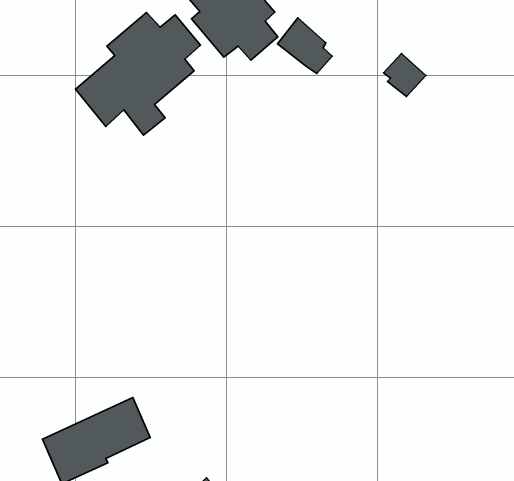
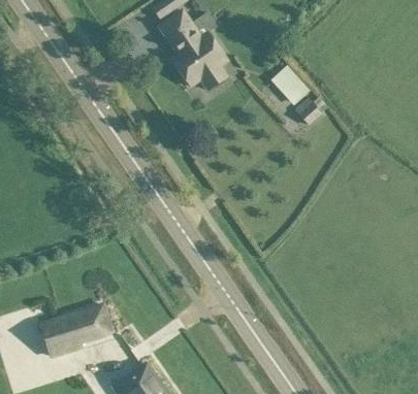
building: [75,13,201,135] -> none
building: [278,18,332,73] -> [270,65,306,103]

